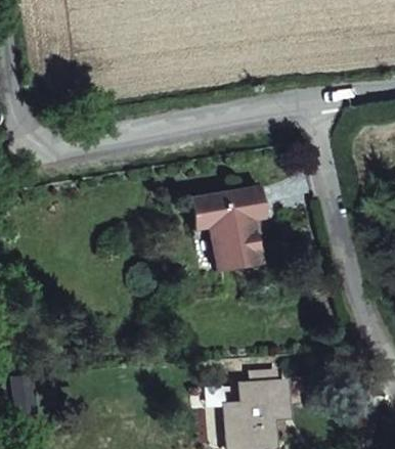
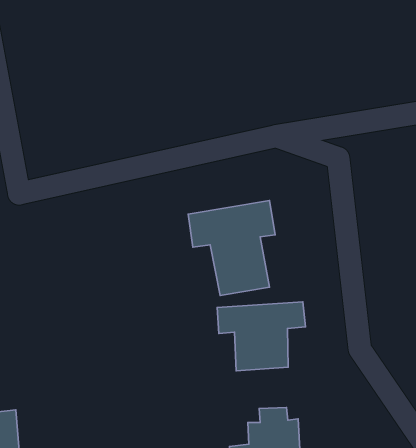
building: none -> [217,302,306,371]

